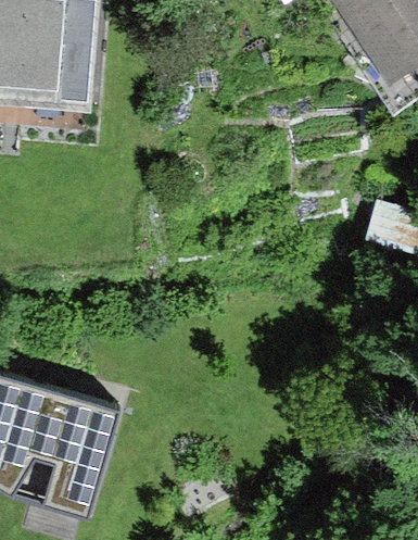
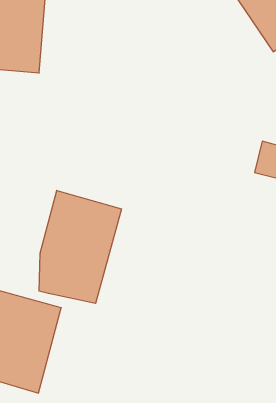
building: none -> [39,190,121,303]

